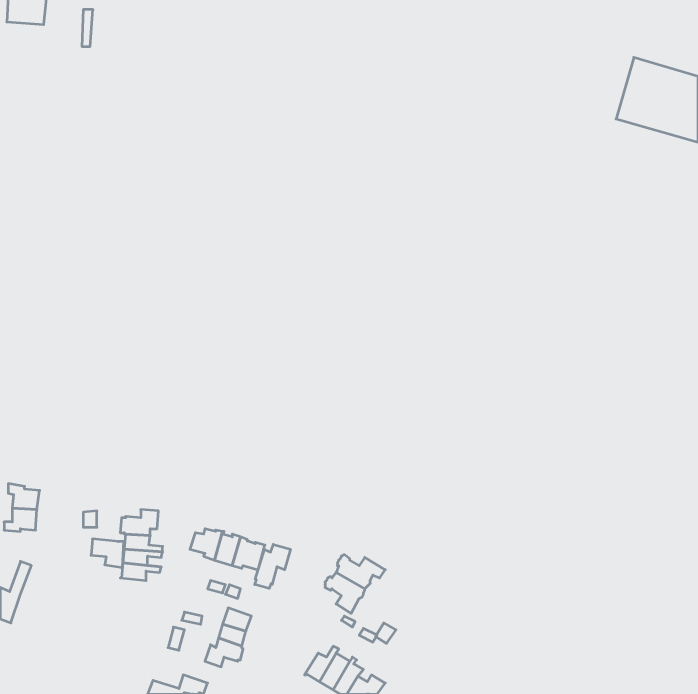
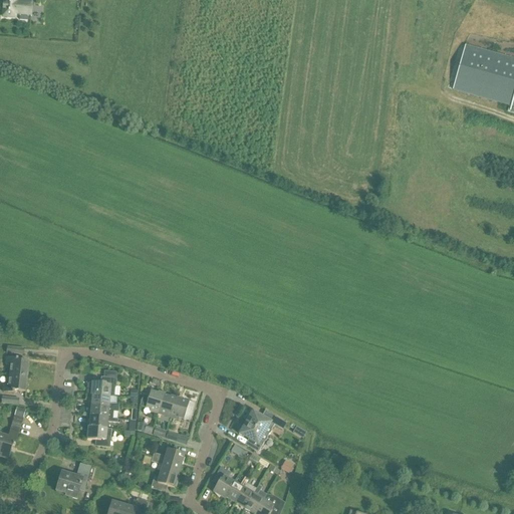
building: [91,539,124,568] -> [87,425,111,446]
building: [255,544,290,588] -> none
building: none -> [56,461,95,497]
building: none -> [213,465,234,496]

